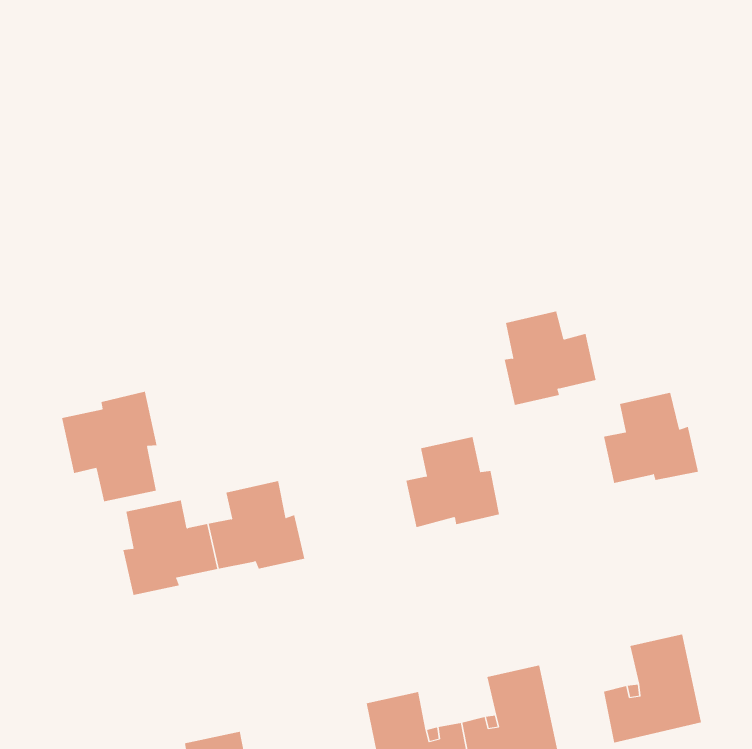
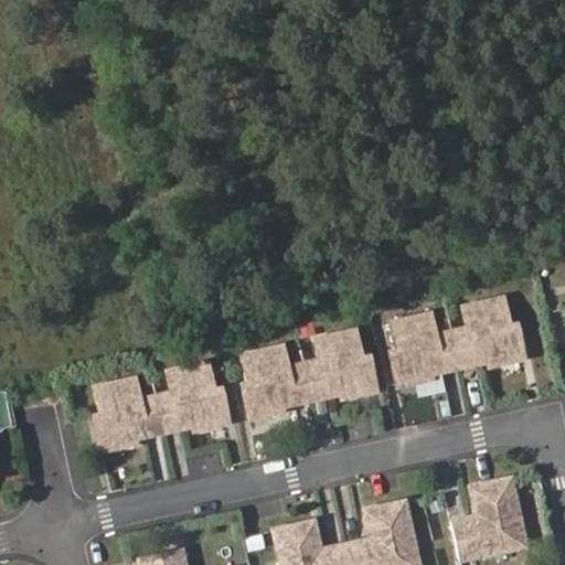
building: [504,311,597,405] -> [391,313,460,384]
building: [61,391,157,502] -> none
building: none -> [242,345,312,417]

